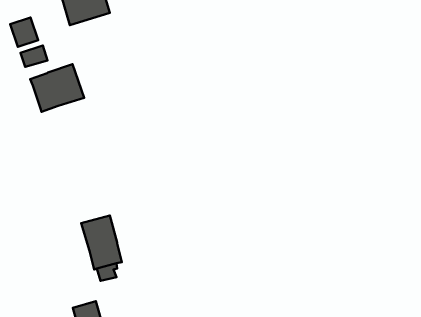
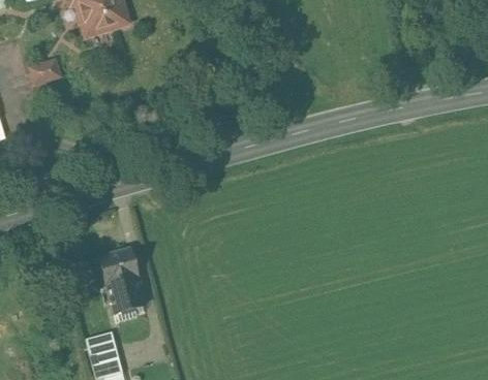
building: [10,17,38,47] -> none
building: [30,64,84,112] -> none

